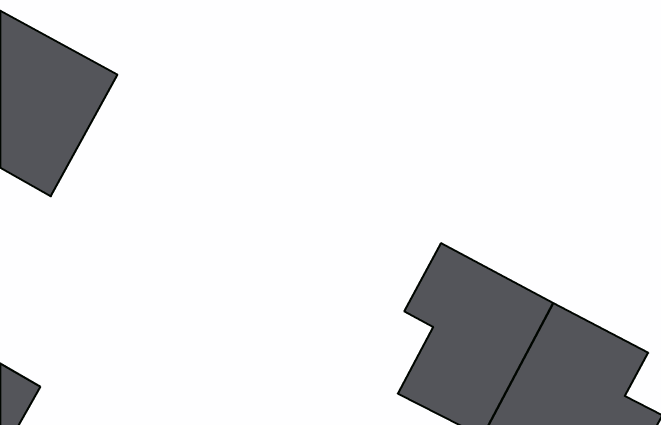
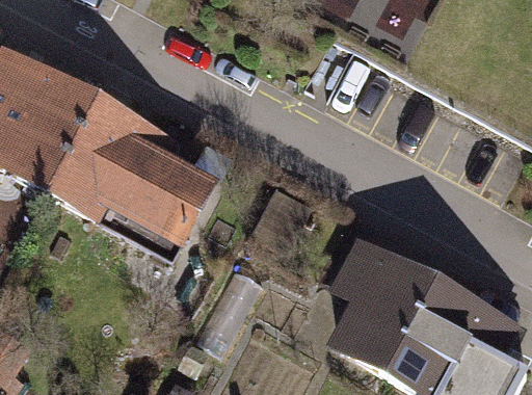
building: none -> [45,99,221,251]

